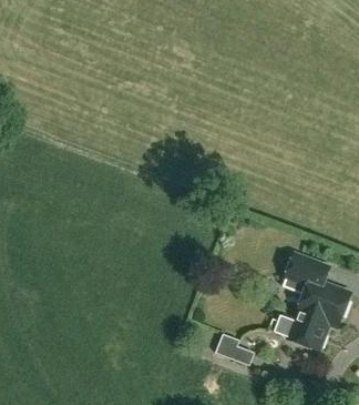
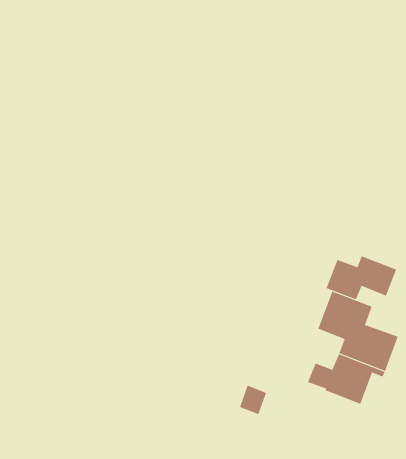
building: none -> [326,256,397,300]

